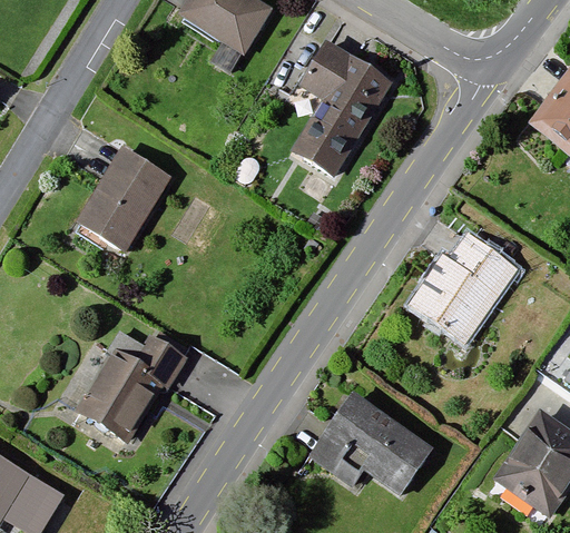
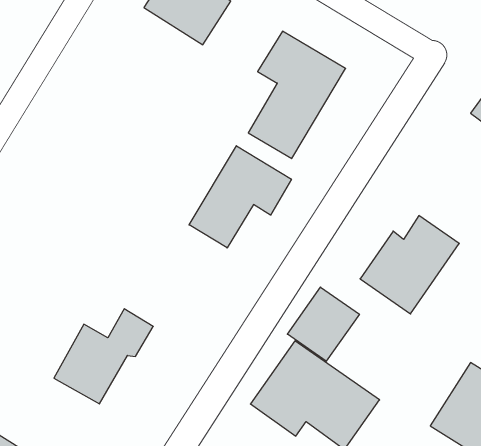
building: [77,150,168,253] -> none
building: none -> [189,146,291,248]
building: none -> [287,287,359,361]

